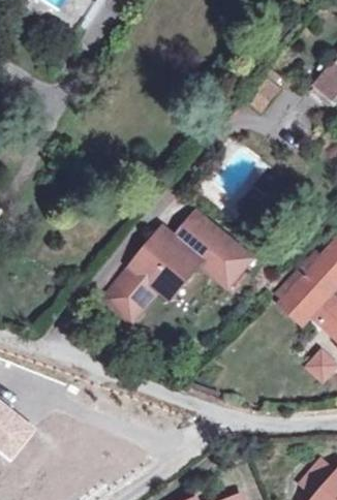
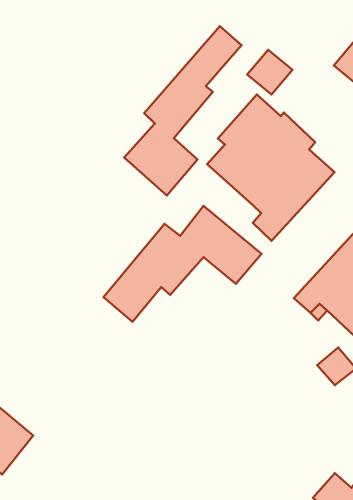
building: none -> [124,26,242,196]
building: none -> [207,95,334,241]

